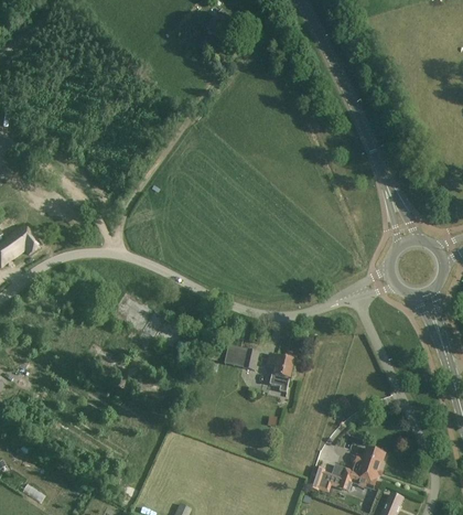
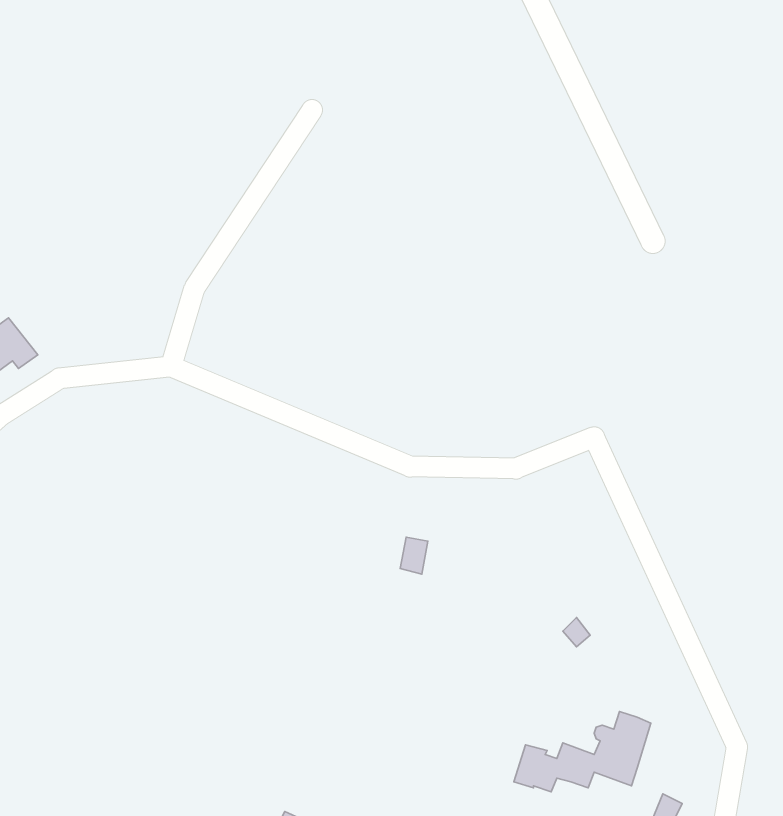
building: [266,353,292,385] -> none

